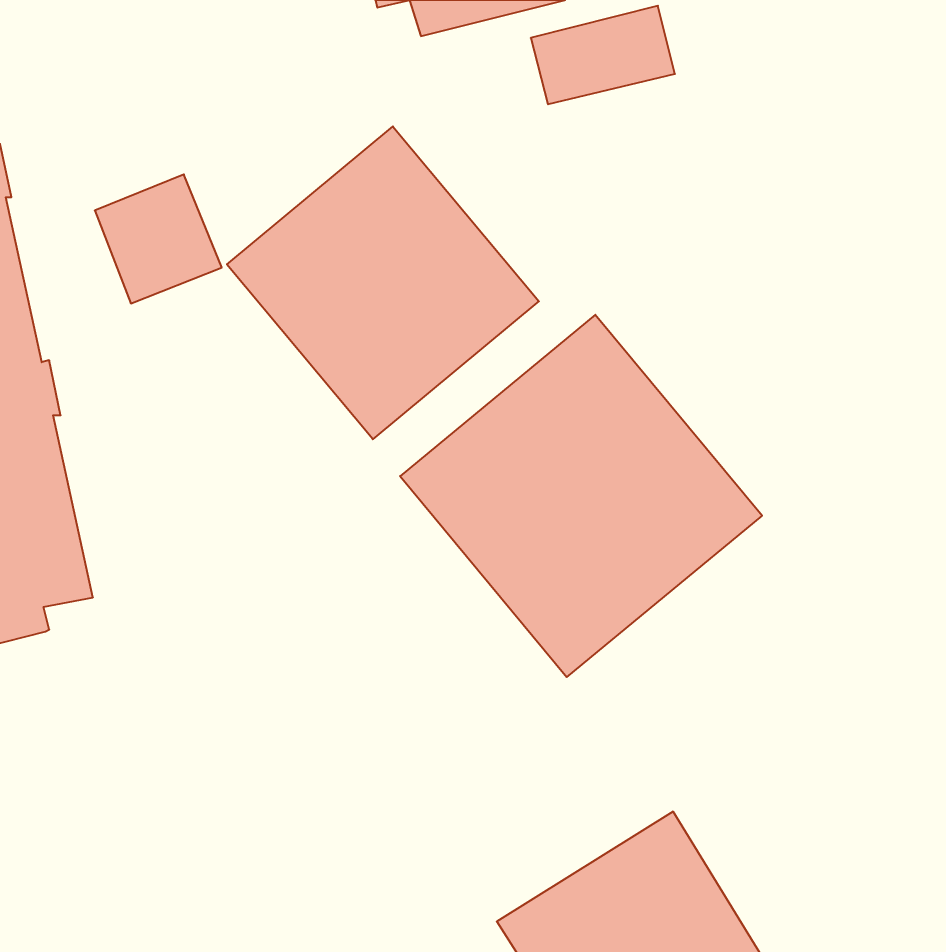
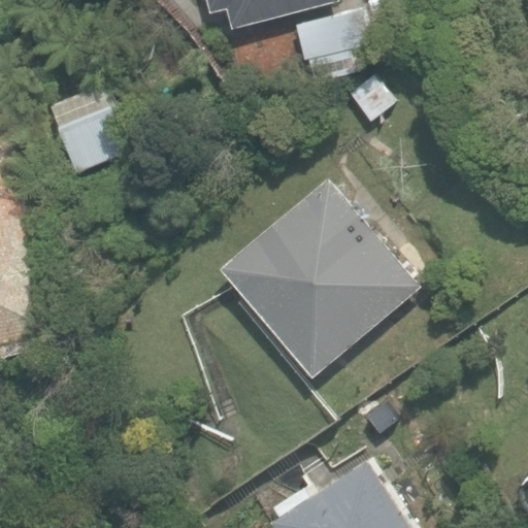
building: [227,126,539,439] -> none

